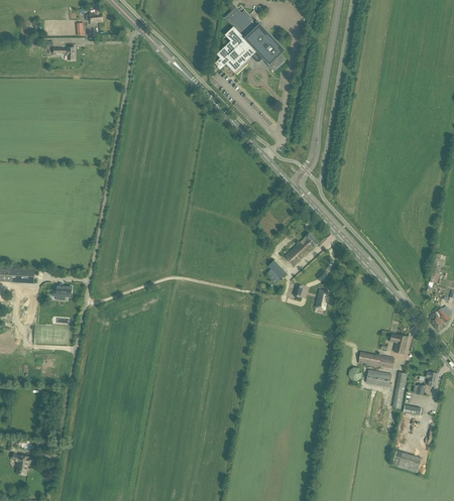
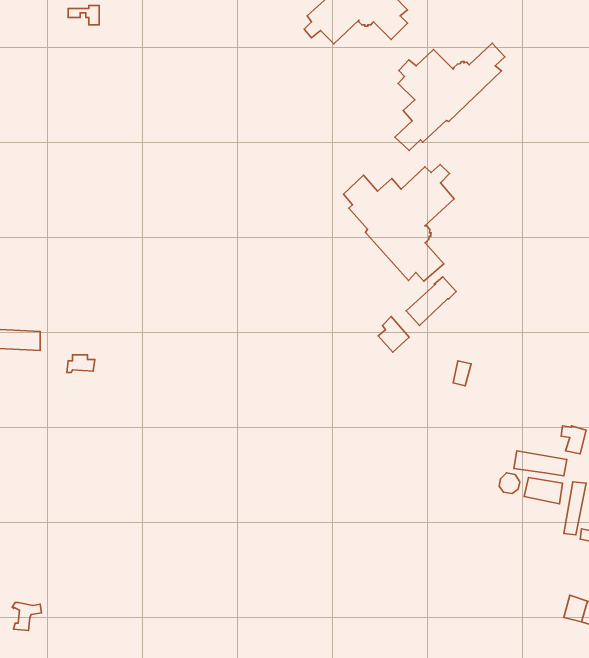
building: none -> [395,43,505,151]
building: none -> [343,164,454,281]

